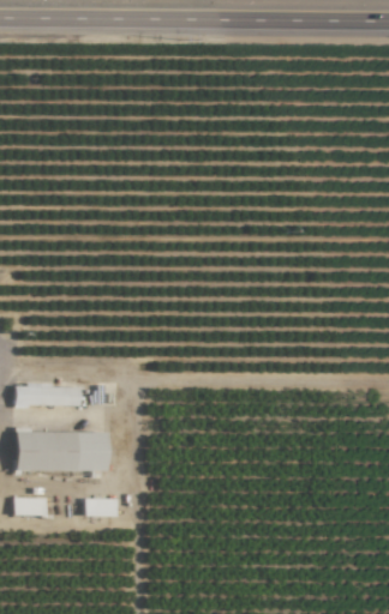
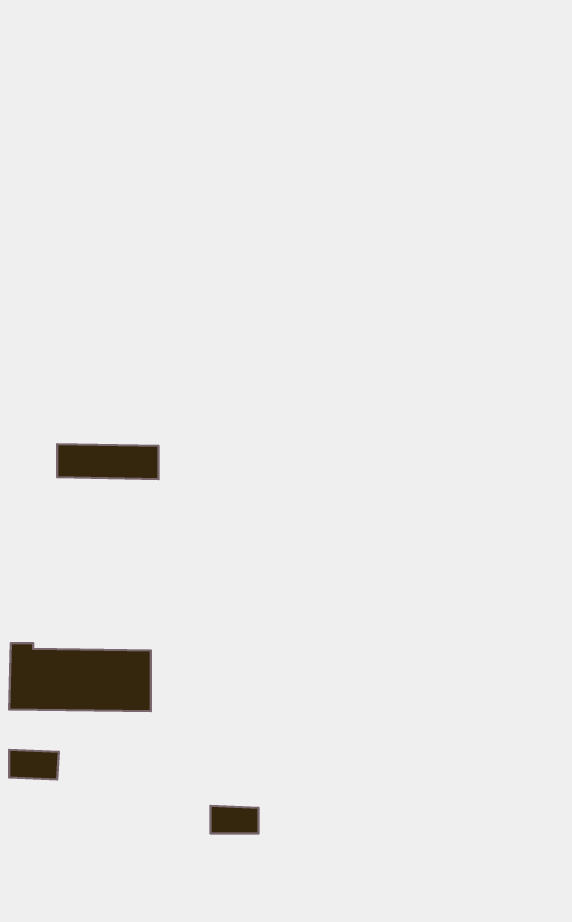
building: [16,384,82,407] -> [57,444,158,479]
building: [85,498,116,516] -> [211,806,258,833]

